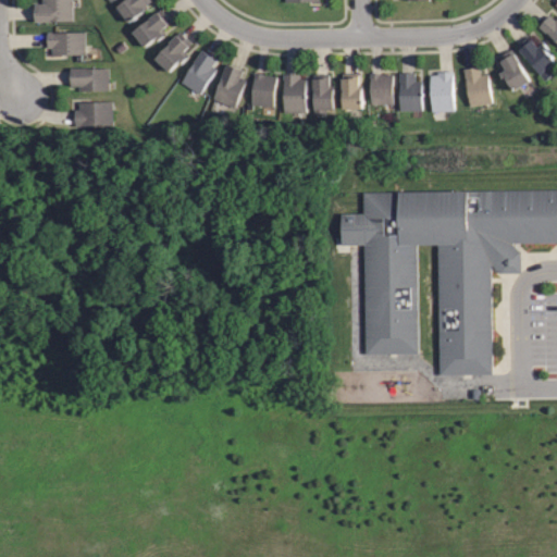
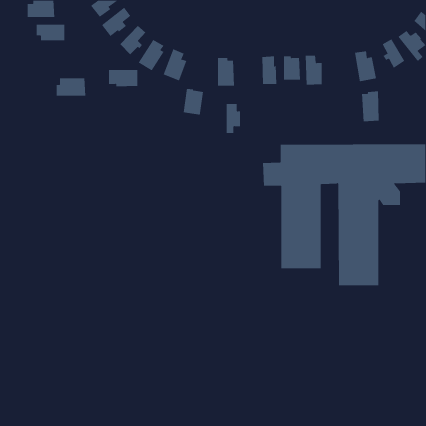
building: [69,71,108,94] -> [108,69,138,87]
building: [250,72,277,107] -> [183,88,204,115]
building: [429,73,453,113] -> [361,91,380,122]
building: [314,78,334,117] -> [226,103,241,133]

